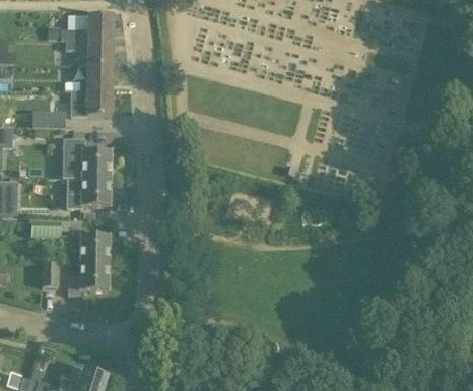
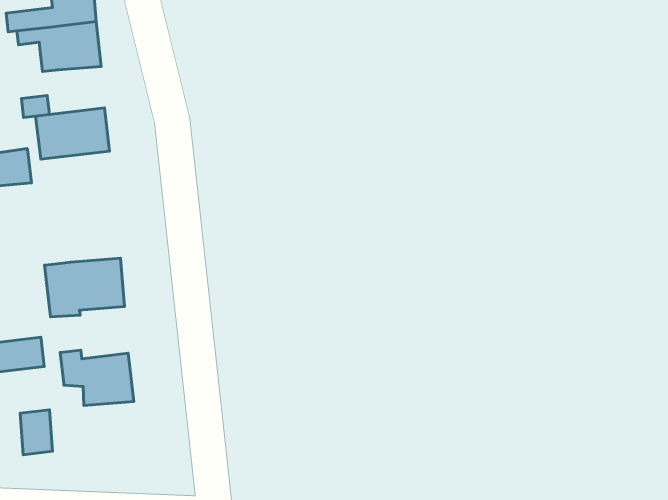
building: [87,64,113,89] -> none
building: [62,137,111,178] -> none
building: [68,261,109,292] -> none

